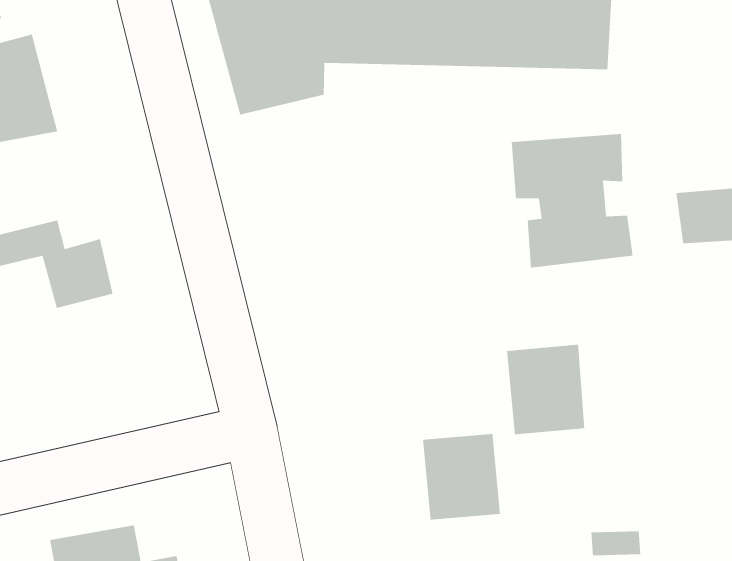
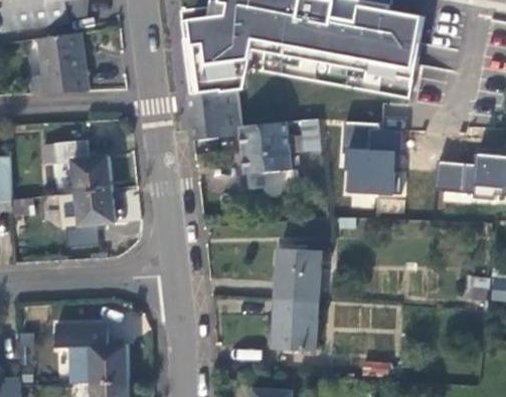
building: none -> [190,93,316,178]
building: none -> [58,186,112,244]
building: [506,344,585,435] -> [274,244,318,295]

